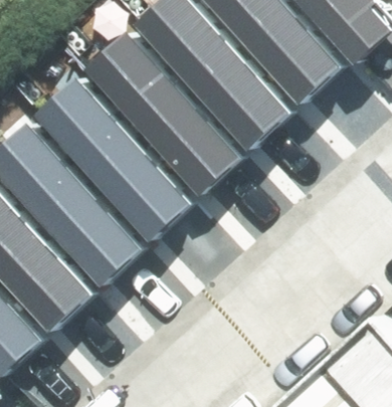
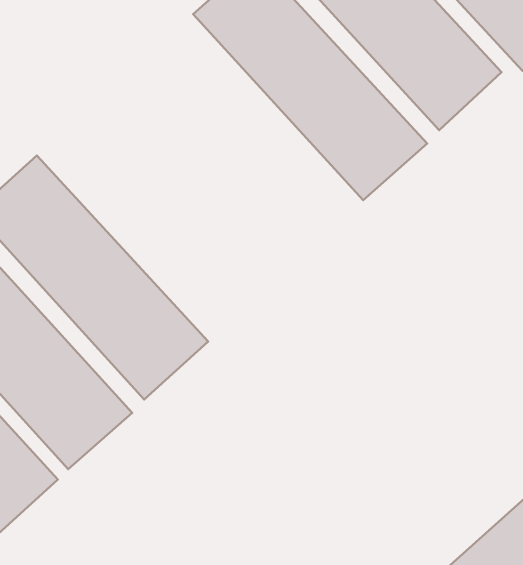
building: [82,31,240,195] -> none
building: [32,77,190,242] -> none

